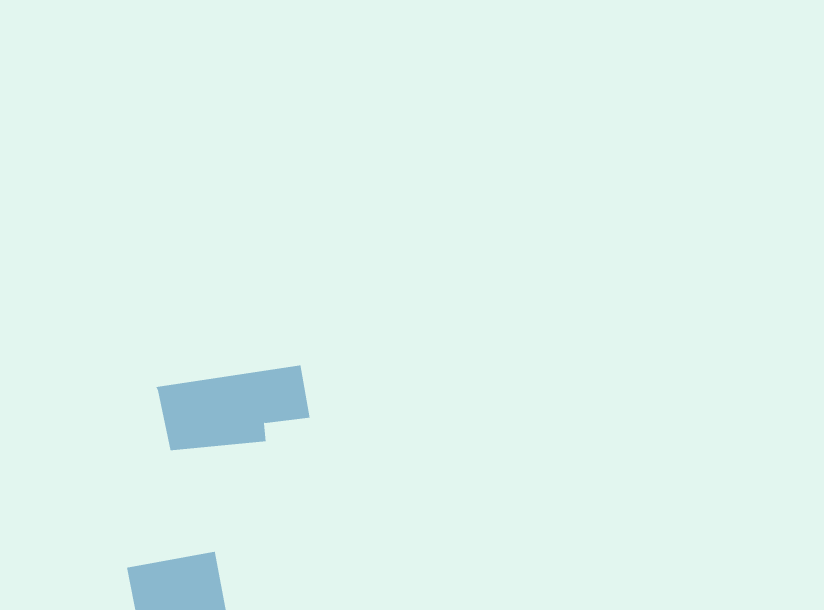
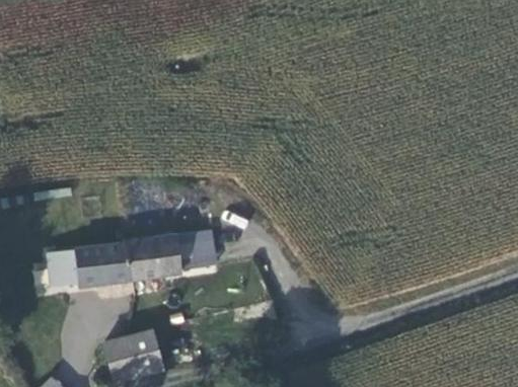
building: none -> [46,244,129,288]

